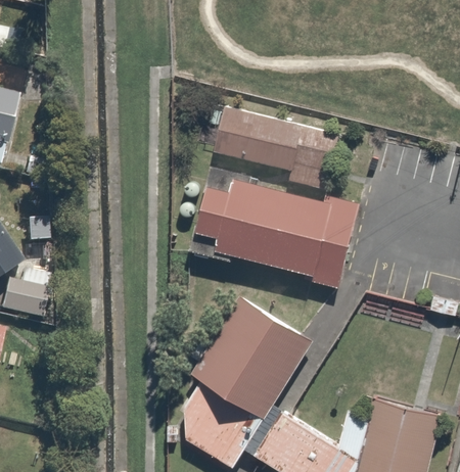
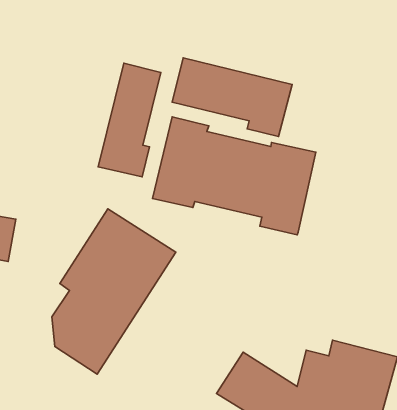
building: none -> [98,63,161,177]
building: [185,294,314,466] -> [52,209,176,374]

